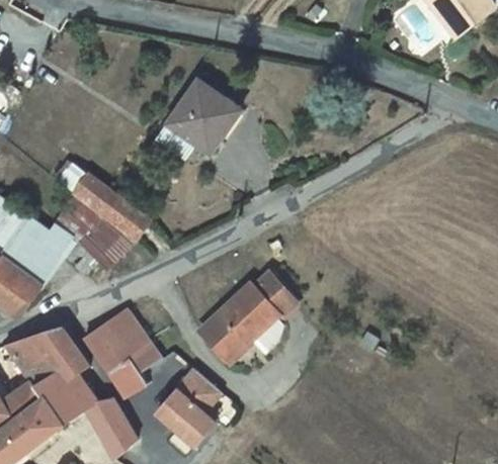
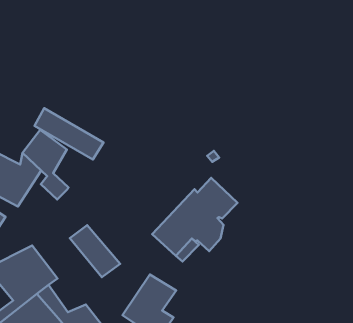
building: [159,80,242,157] -> none
building: [92,220,140,271] -> none
building: [83,321,145,397] -> none

